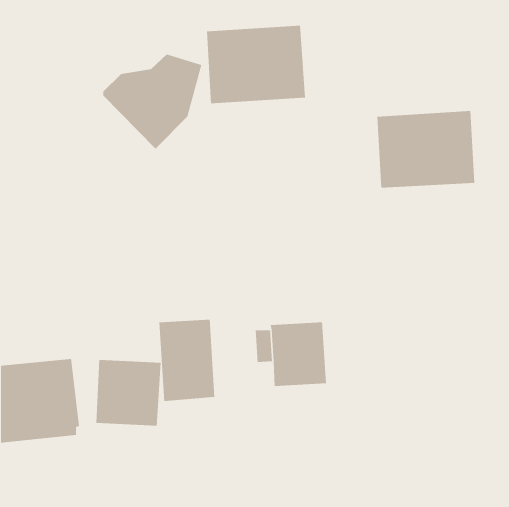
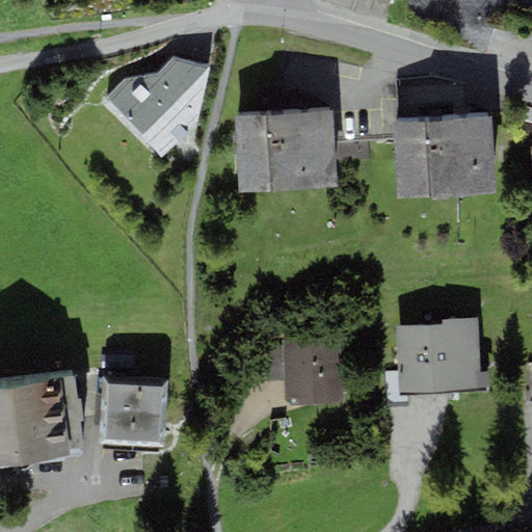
building: [206,25,306,104] -> [234,108,338,190]
building: none -> [396,316,481,393]
building: [159,319,215,402] -> none

